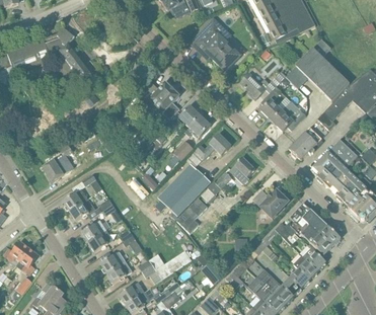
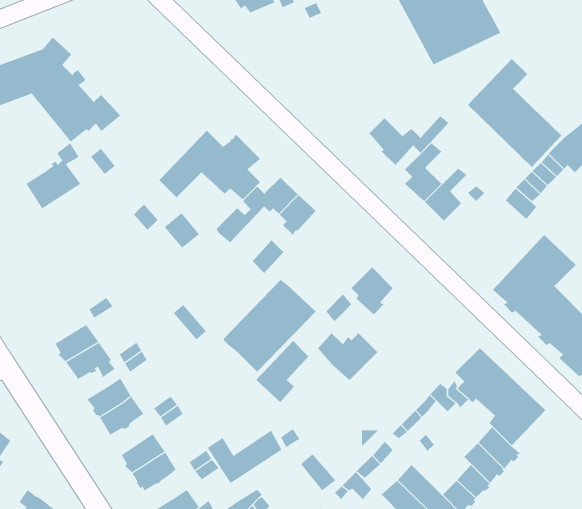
building: [191,18,240,70] -> none
building: [289,127,321,160] -> none
building: [196,133,231,158] -> none
building: [43,143,74,180] -> [26,143,81,209]
building: [253,189,288,217] -> [317,332,378,381]

